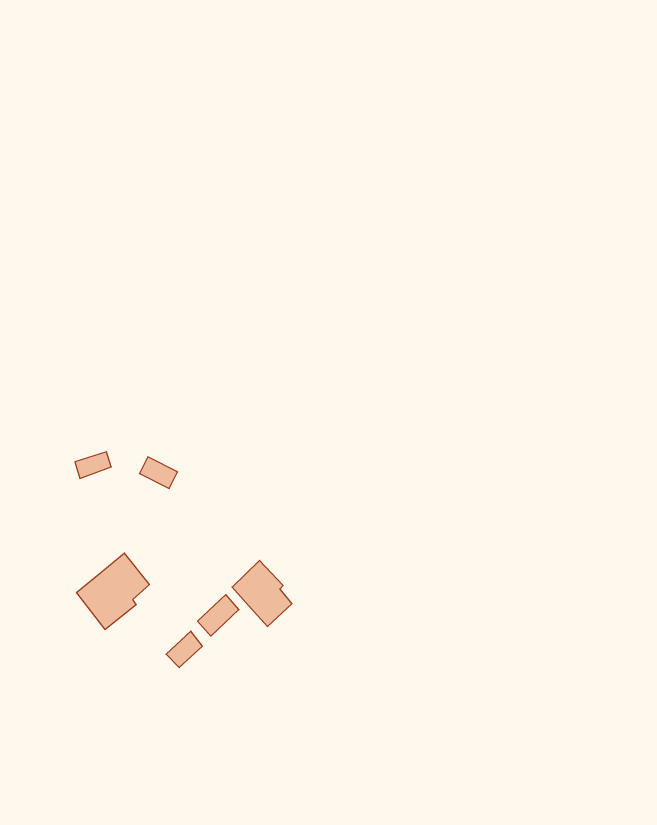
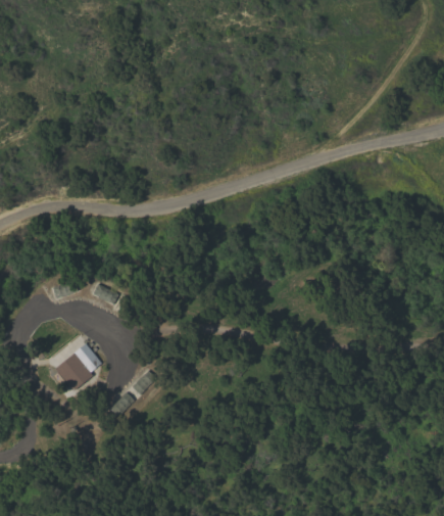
building: [232,560,292,627] -> none

